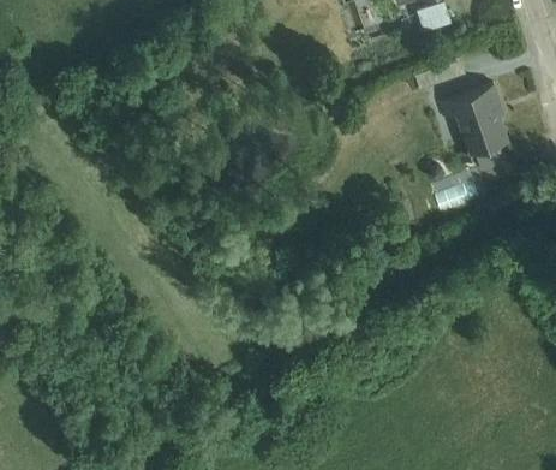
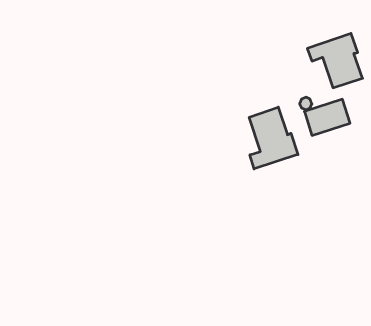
building: none -> [249,107,298,169]

